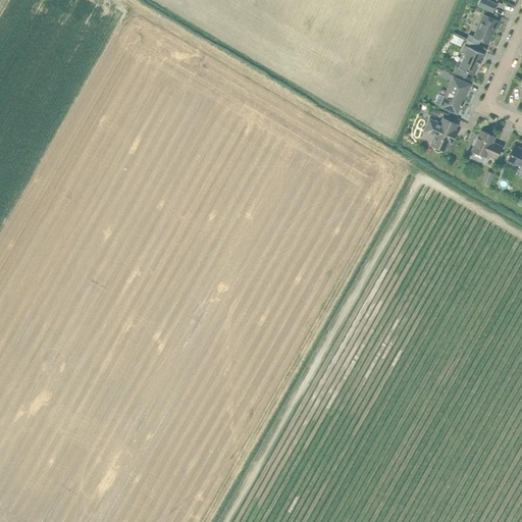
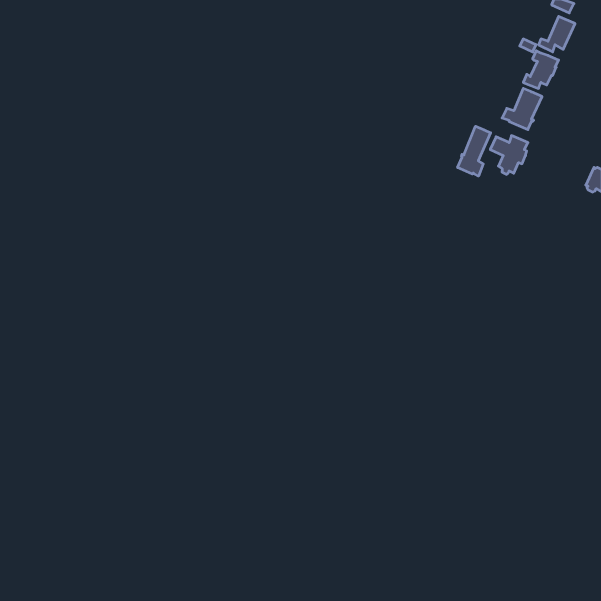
building: none -> [458,126,491,176]
building: [470,129,502,161] -> none

